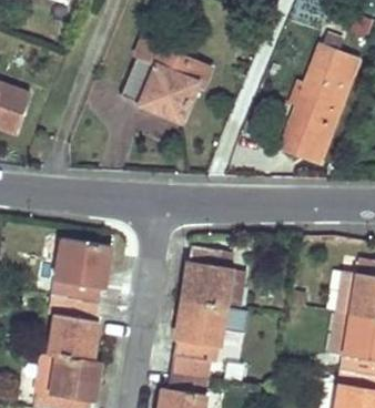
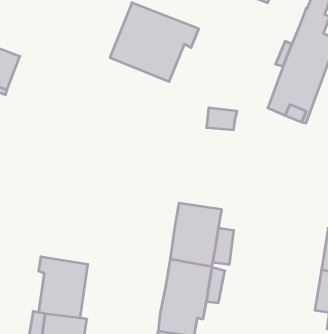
building: [52,238,109,306] -> none

